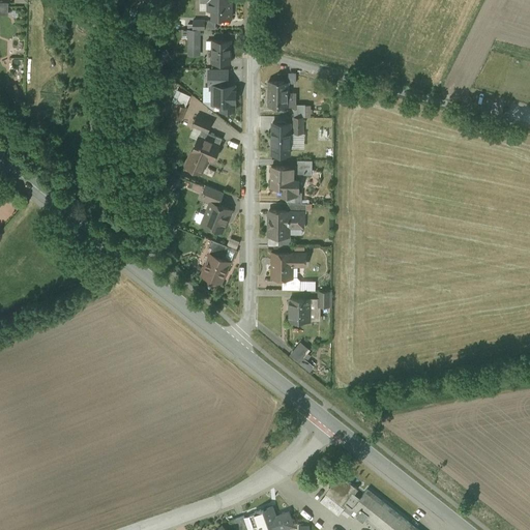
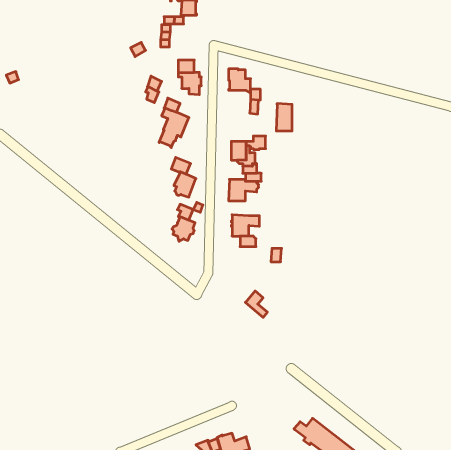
building: [207,42,231,64] -> none
building: [271,124,290,156] -> [276,104,292,131]
building: [290,299,311,322] -> none
building: [327,478,356,507] -> none

